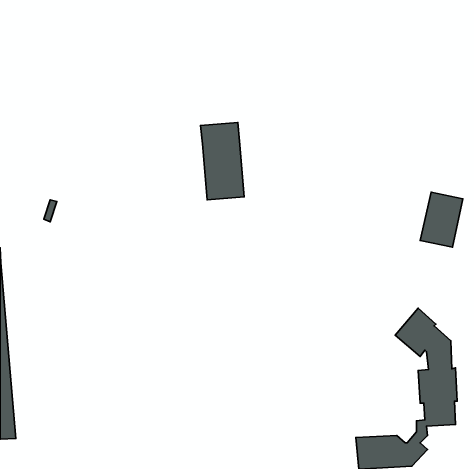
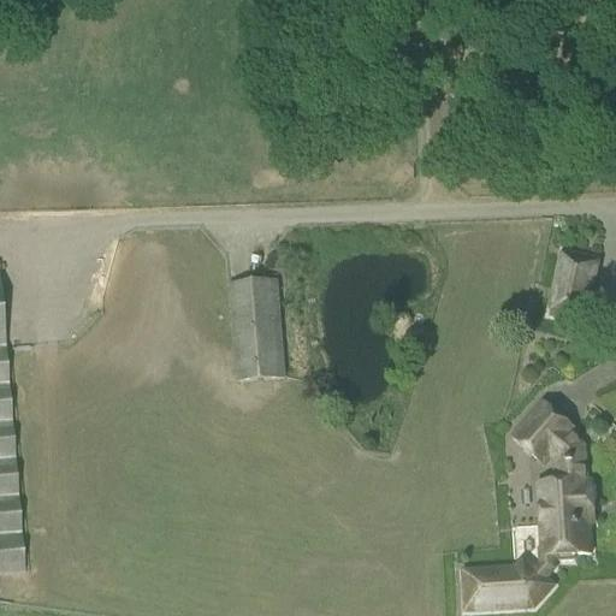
building: [201,123,244,200] -> [229,278,285,378]

